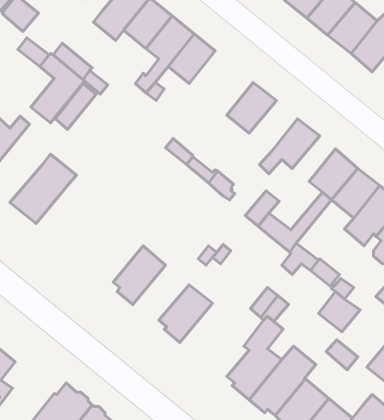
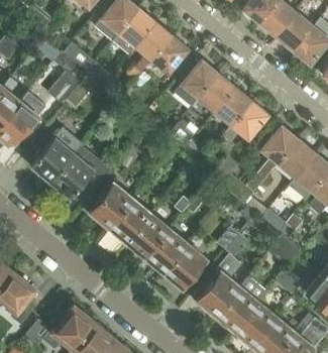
building: none -> [181,58,217,98]
building: none -> [214,87,251,126]
building: none -> [49,144,111,198]
building: none -> [88,184,132,227]
building: none -> [124,214,168,256]
building: none -> [160,243,205,286]

